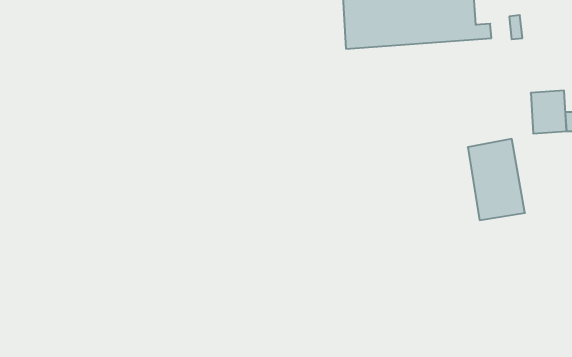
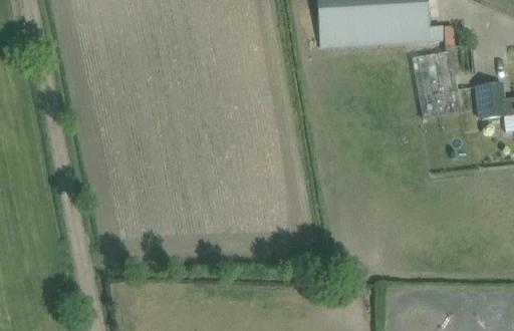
building: [468,139,525,220] -> [413,50,461,118]

